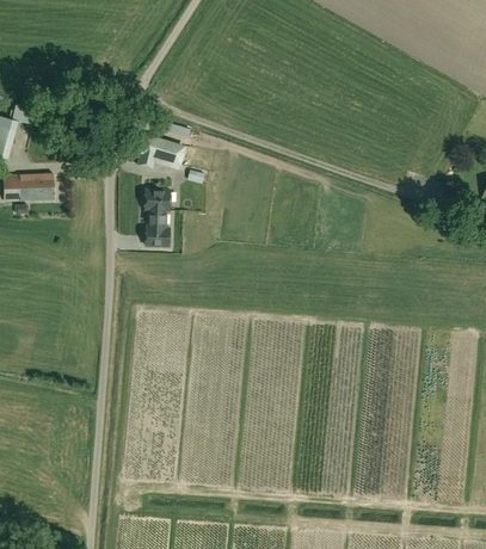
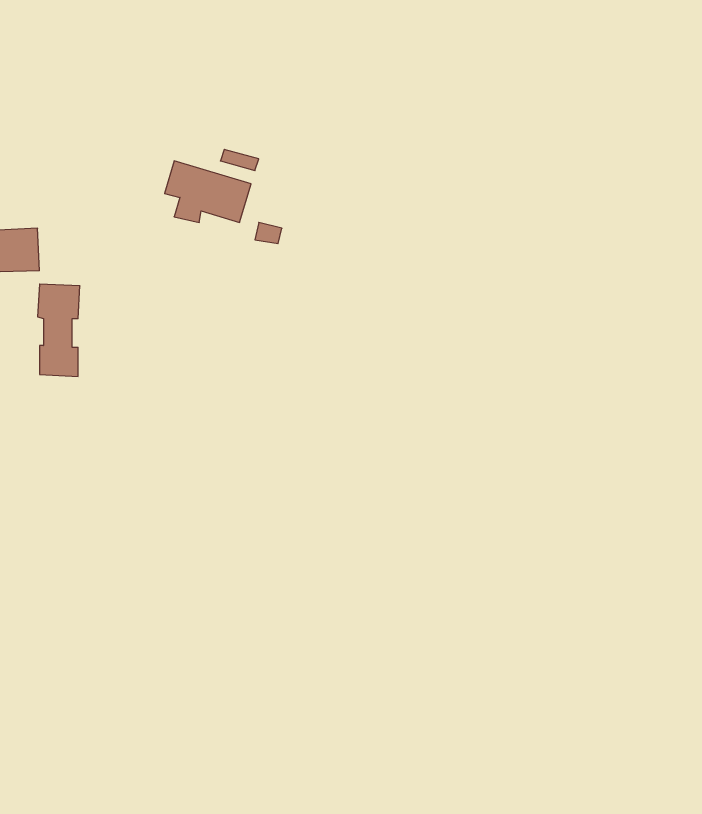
building: [144,189,171,246] -> [38,284,80,376]

